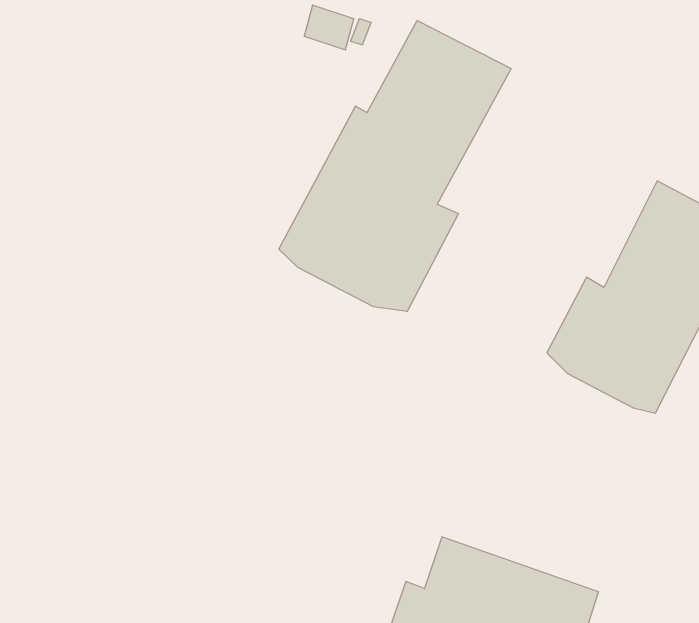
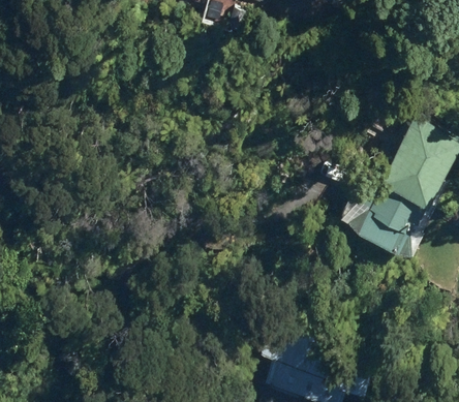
building: [279,21,511,312] -> none

